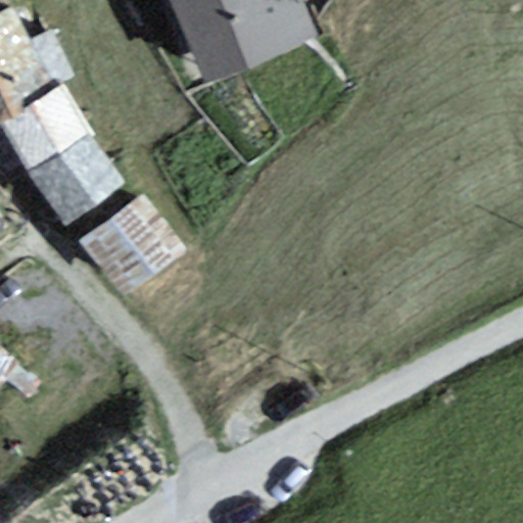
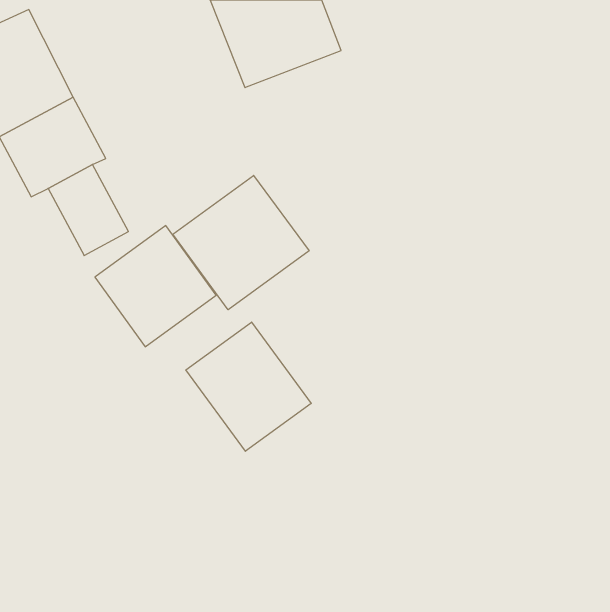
building: none -> [173,175,309,310]
building: none -> [186,322,311,451]

